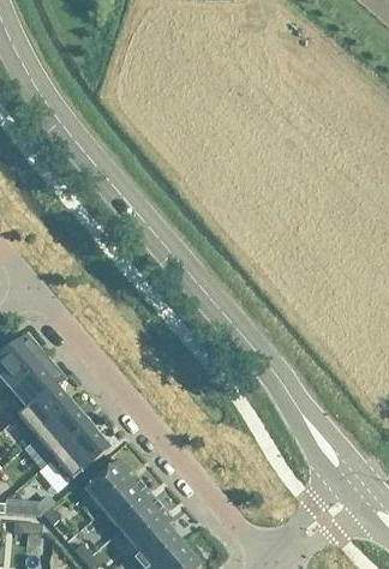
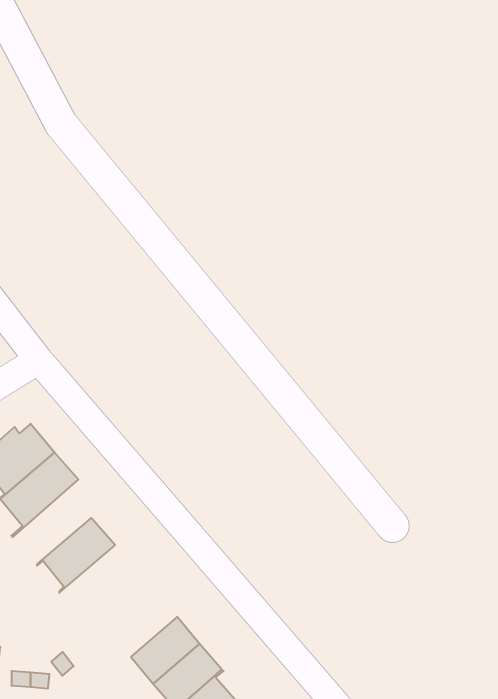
building: [14,376,73,439] -> none
building: [49,425,109,481] -> none
building: [85,459,138,509] -> none

